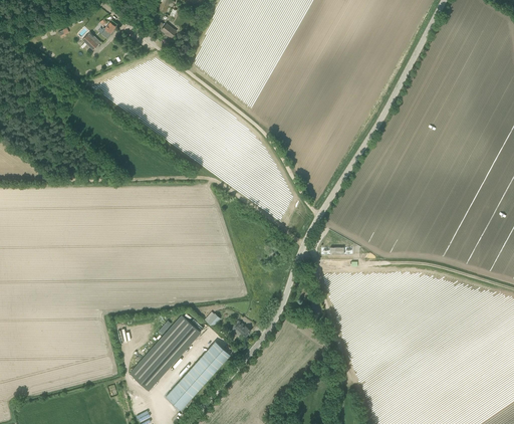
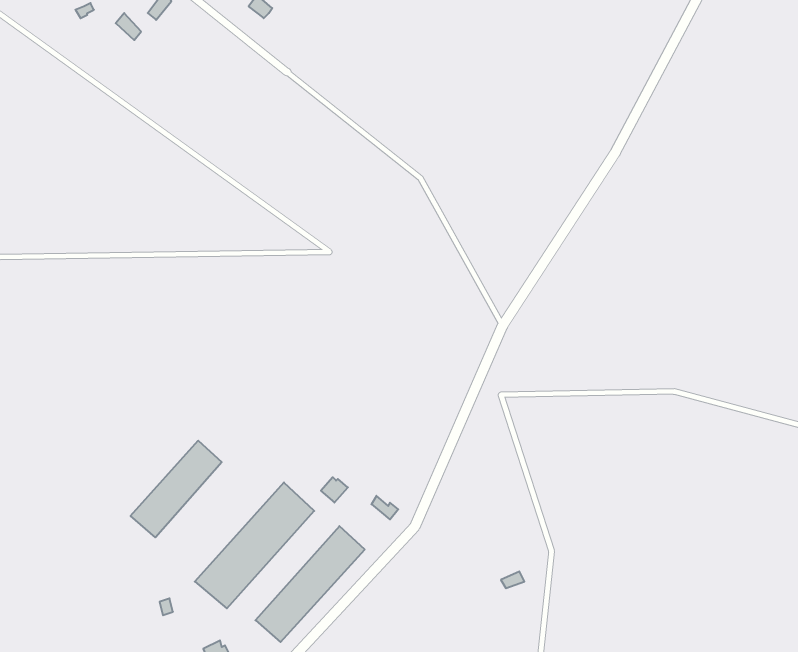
building: none -> [131,441,222,537]

